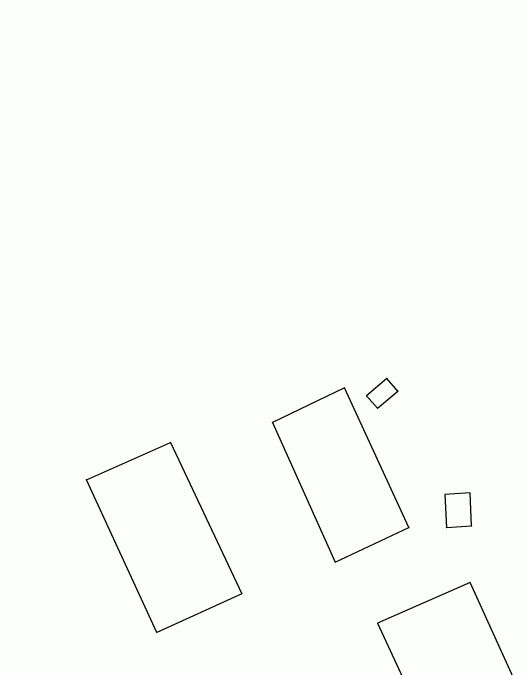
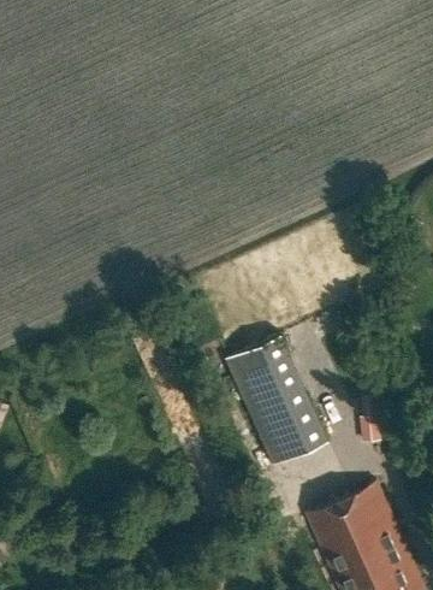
building: [86,442,242,632] -> none

